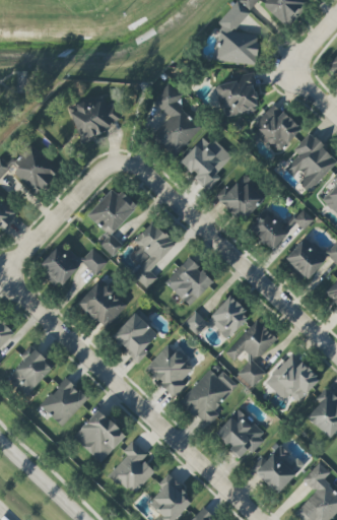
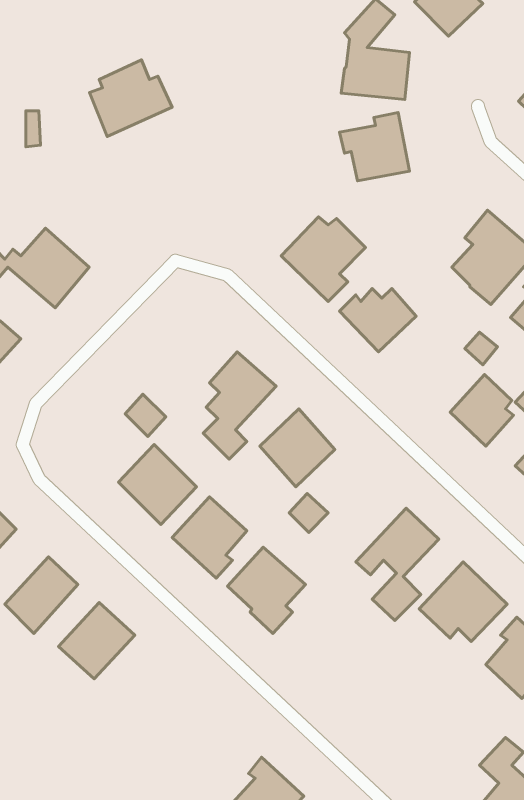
building: [151,82,201,157] -> none
building: [70,93,122,141] -> [89,60,172,136]
building: [251,103,300,152] -> none
building: [87,186,136,256] -> none
building: [249,211,288,250] -> none
building: [37,247,77,287] -> none
building: [207,296,250,338] -> none
building: [180,369,238,427] -> none
building: [73,409,126,462] -> none
building: [214,409,267,458] -> none
building: [109,440,154,496] -> none
building: [251,444,304,494] -> none

